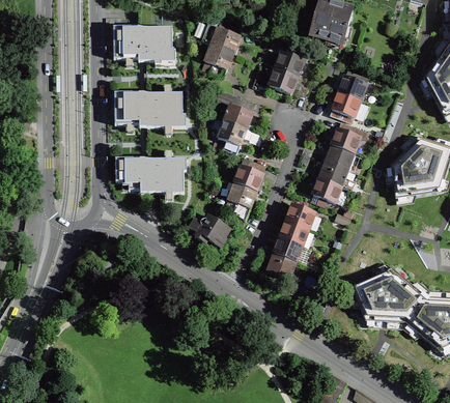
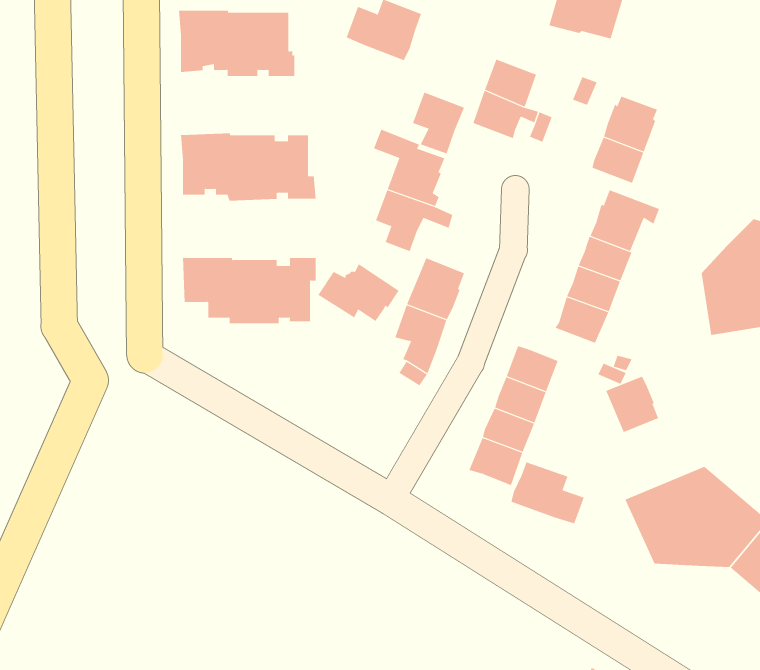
building: [204,44,232,77] -> [412,92,465,154]
building: [186,213,229,244] -> [317,264,399,322]
building: none -> [605,376,659,433]
building: none -> [511,462,584,524]

